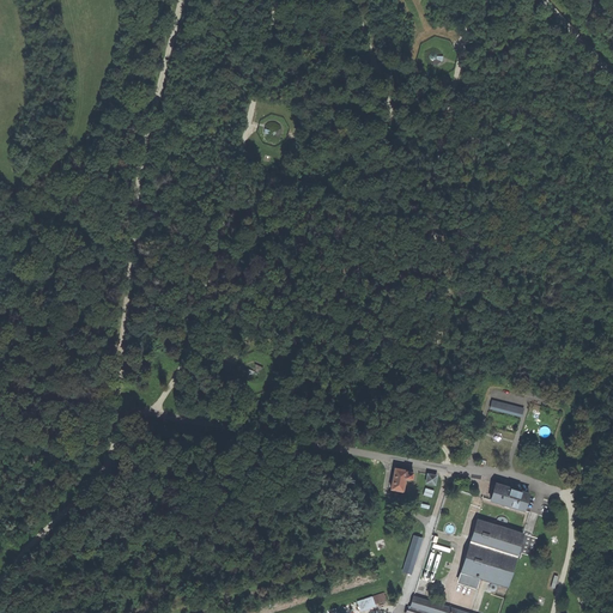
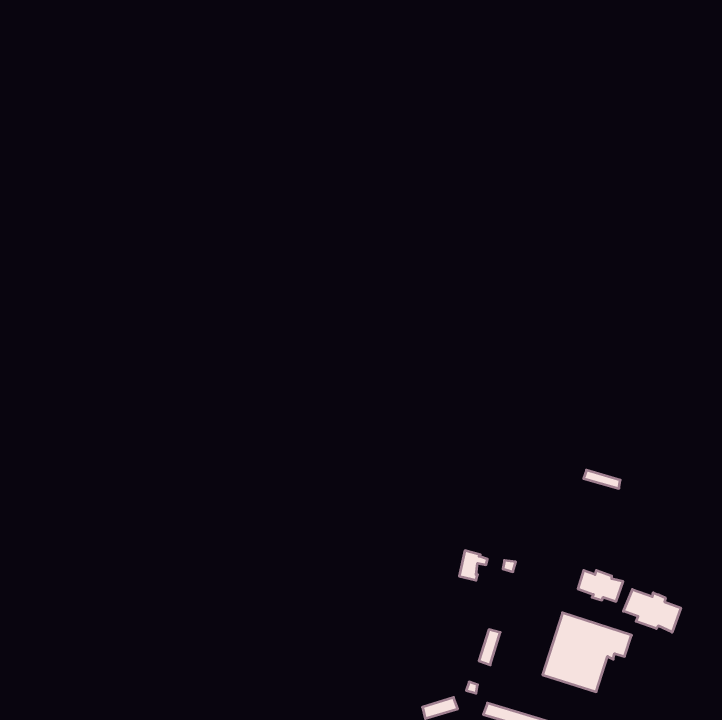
building: none -> [623,589,681,632]

